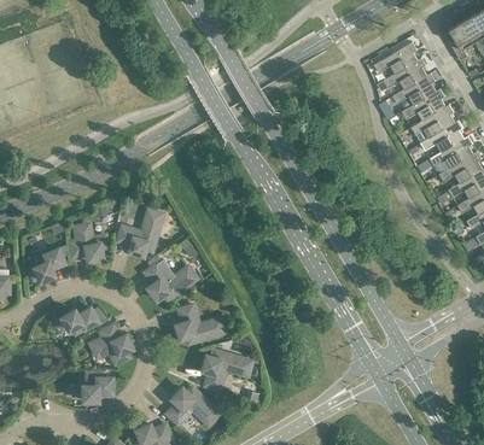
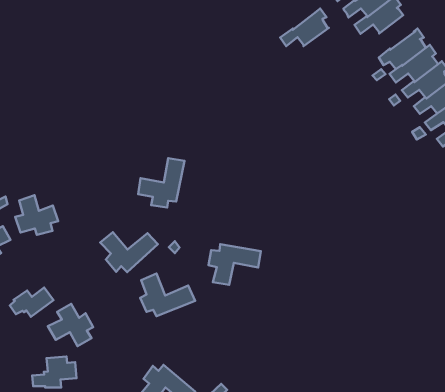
building: [401,88,445,121] -> [280,9,329,46]
building: [117,210,162,254] -> [138,158,184,208]
building: [202,351,250,388] -> [209,244,261,285]

